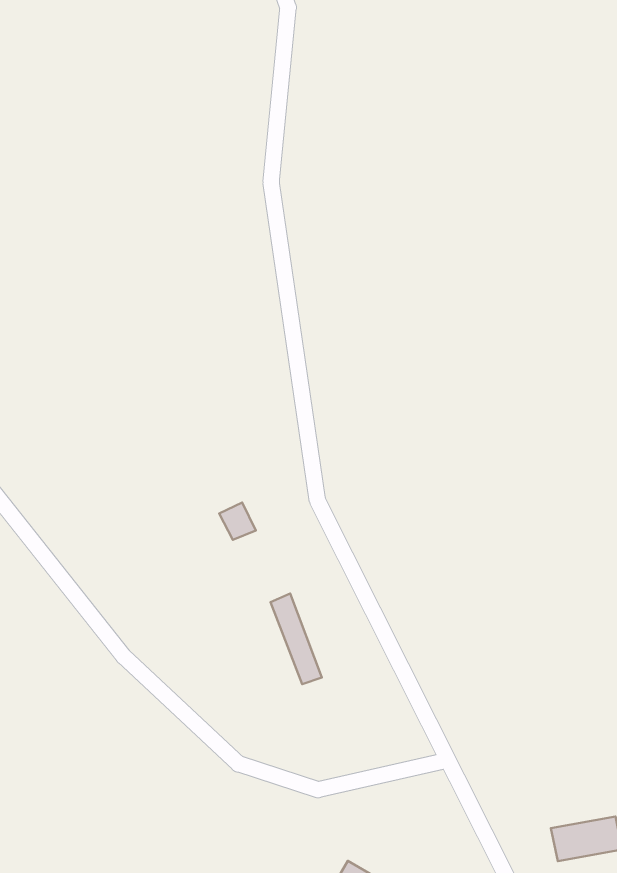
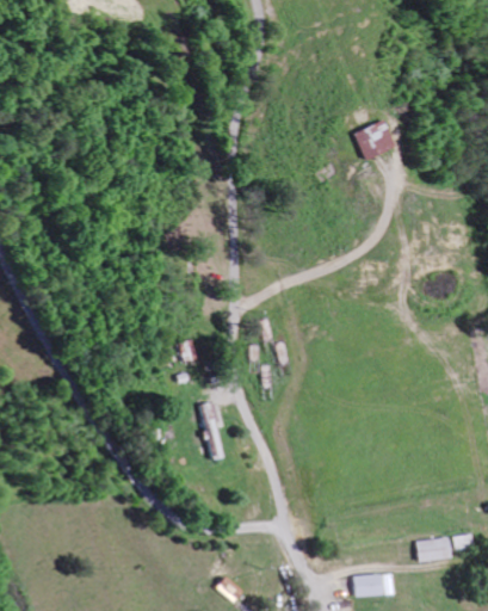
building: none -> [346,121,390,162]

